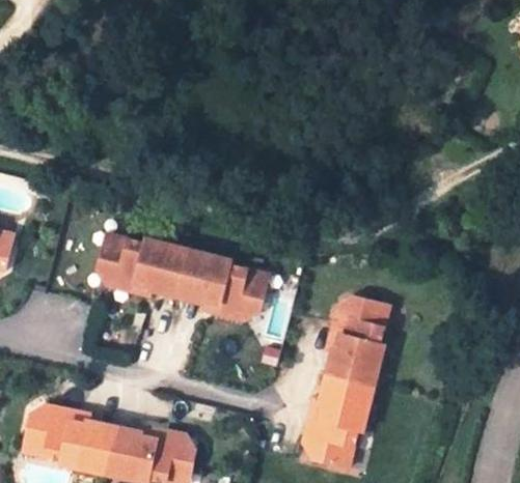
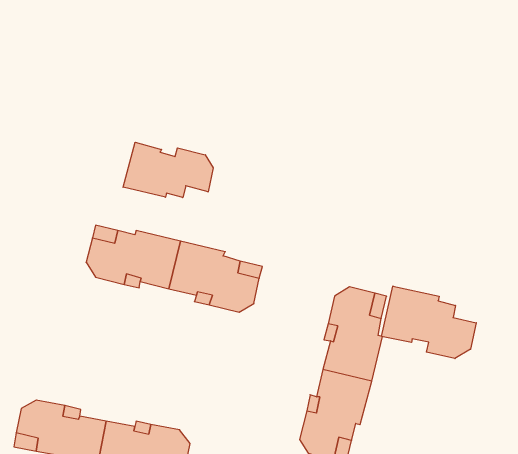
building: none -> [123,142,213,198]
building: none -> [382,286,476,359]

